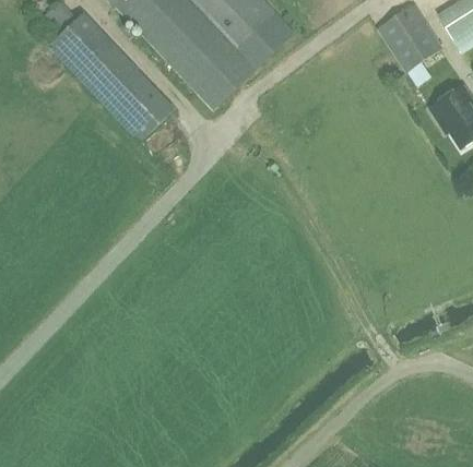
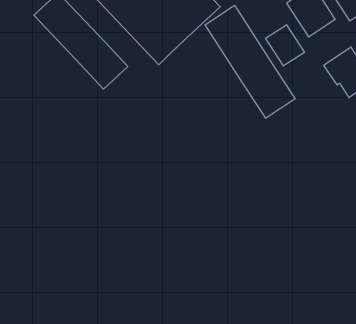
building: none -> [205,5,295,118]
building: none -> [266,25,304,66]

